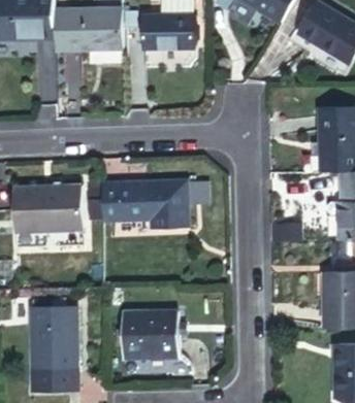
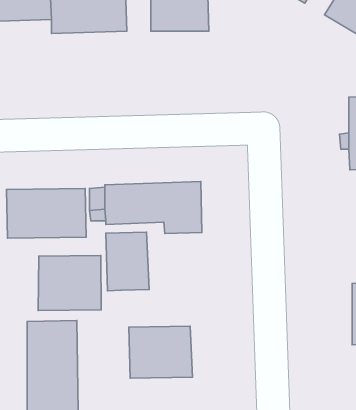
building: none -> [106,232,149,291]
building: none -> [38,255,101,311]

